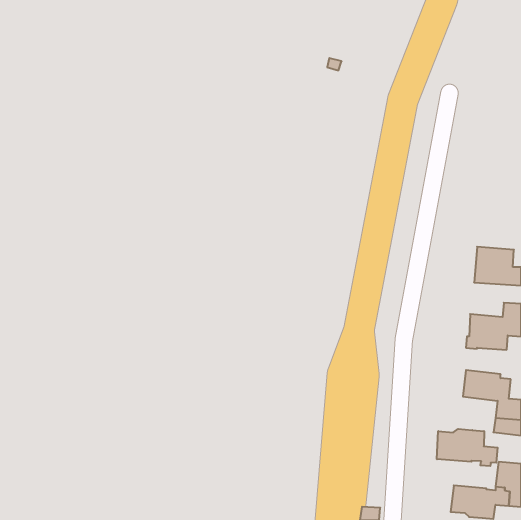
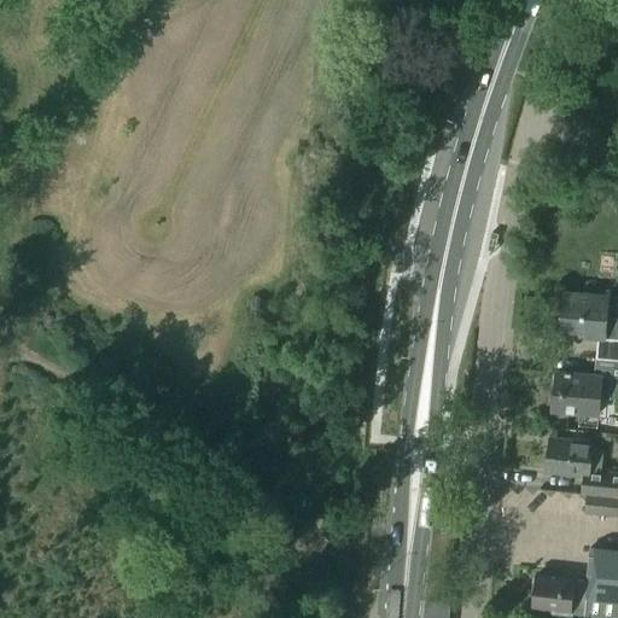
building: [437,429,498,466] -> none

